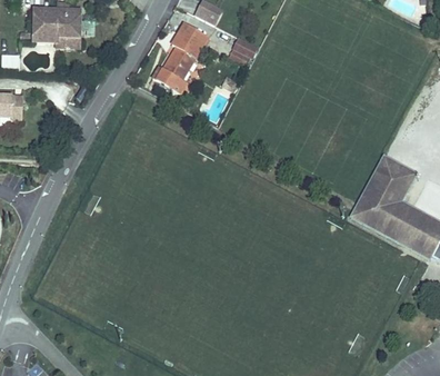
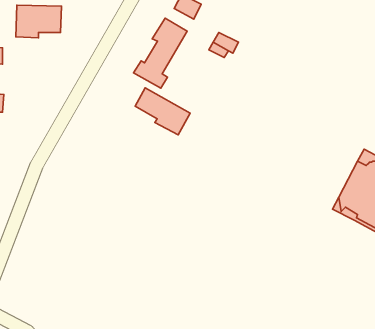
building: none -> [135,88,190,135]

